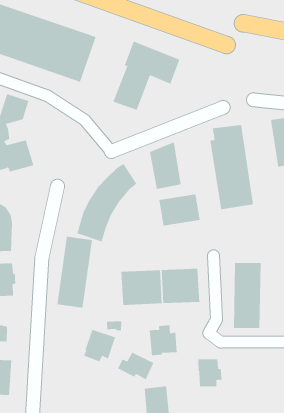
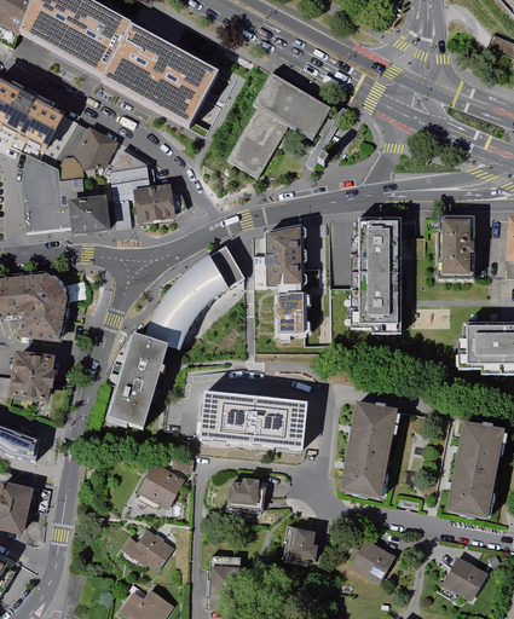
building: none -> [114,146,180,227]
building: [117,352,154,380] -> [121,528,172,569]
building: none -> [351,538,394,579]

